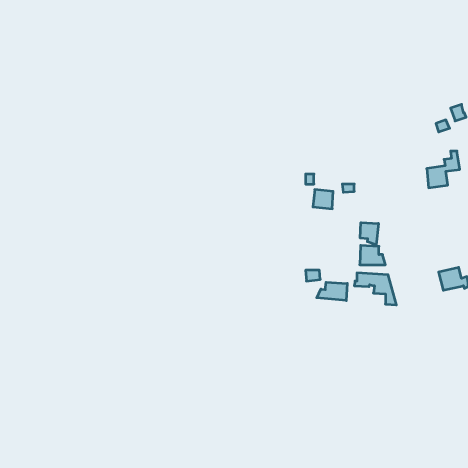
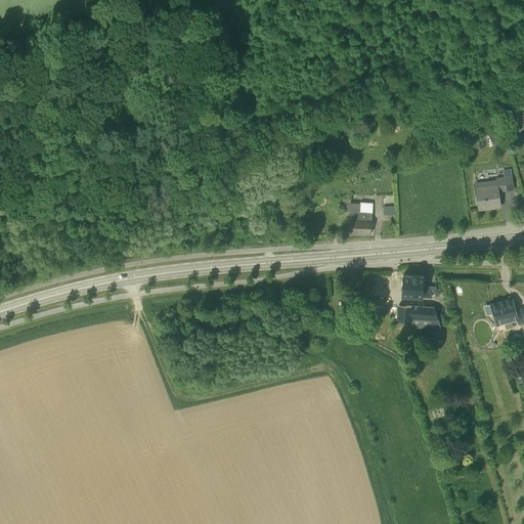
building: [360,223,378,245] -> none
building: [317,282,347,301] -> none

